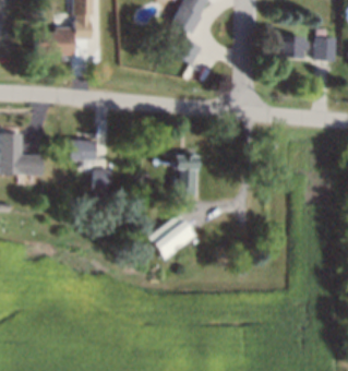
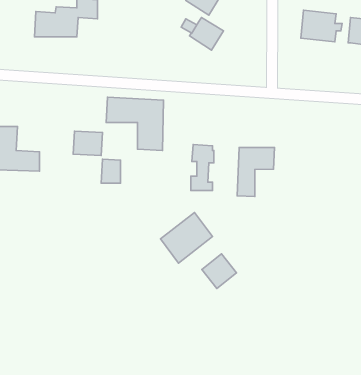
building: none -> [106,97,163,150]
building: none -> [237,147,275,197]
building: none -> [202,254,236,289]

